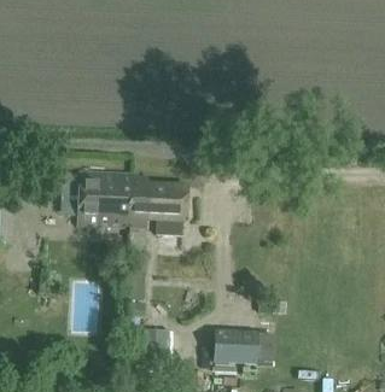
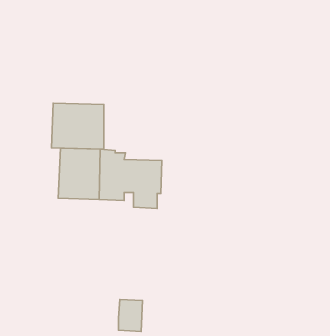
building: none -> [52,103,104,149]
building: [214,330,258,362] -> none

